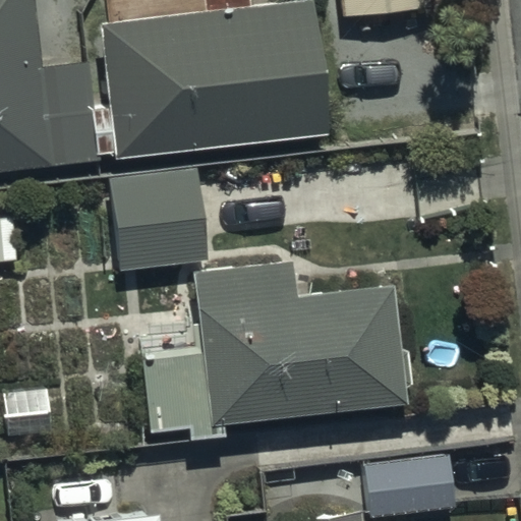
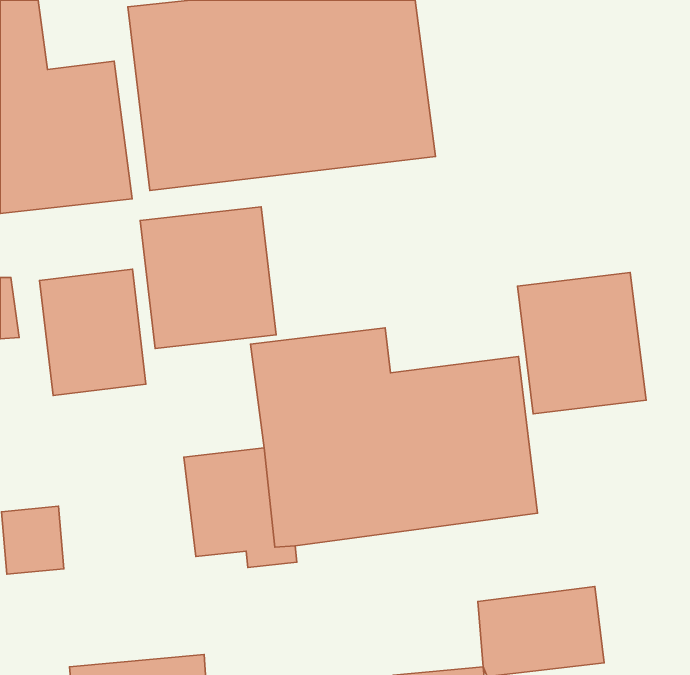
building: none -> [40,269,146,395]
building: none -> [517,272,646,414]

